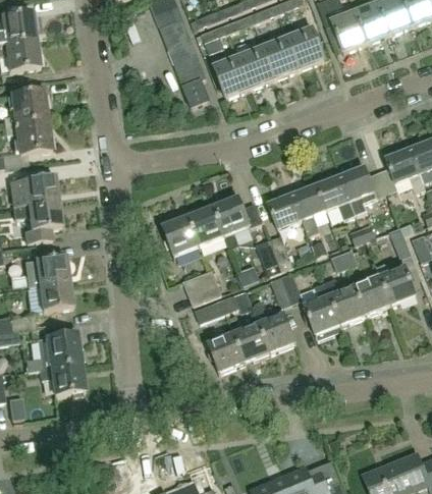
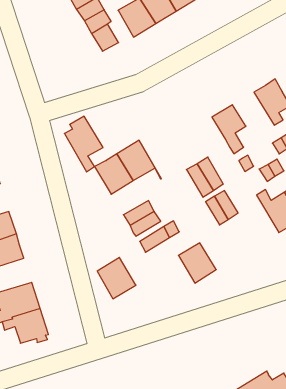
building: [316,176,356,219] -> none
building: [213,191,251,250] -> [64,116,103,172]
building: [268,195,303,229] -> none
building: [304,283,341,339] -> none
building: [252,303,295,353] -> none
building: [208,332,246,374] -> [97,257,136,299]

